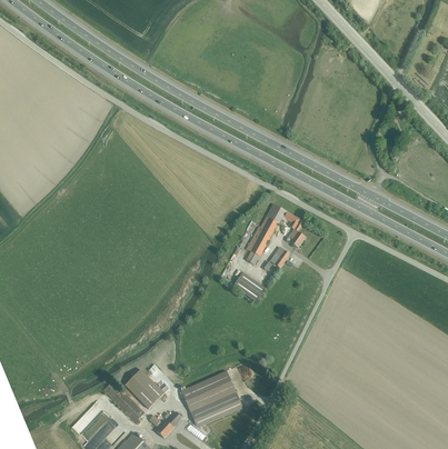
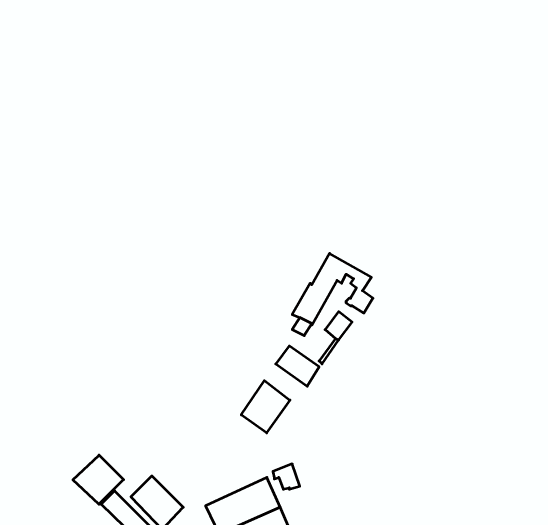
building: none -> [241,381,290,433]
building: none -> [73,455,124,504]

